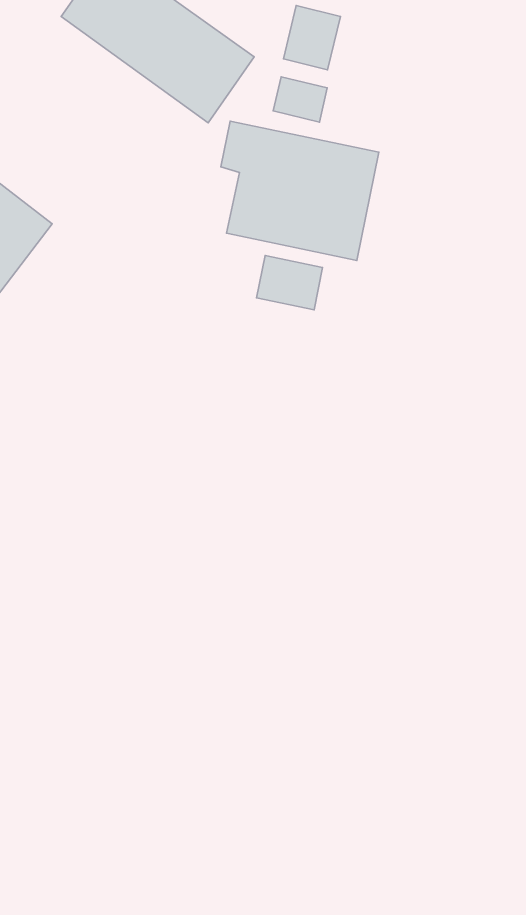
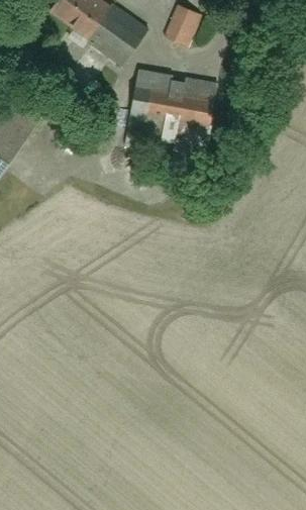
building: [273,77,327,122] -> none
building: [257,256,323,310] -> none

